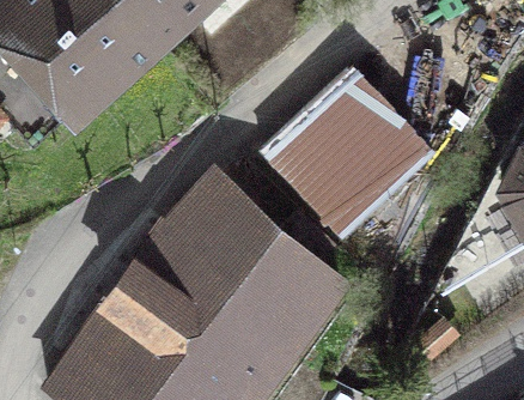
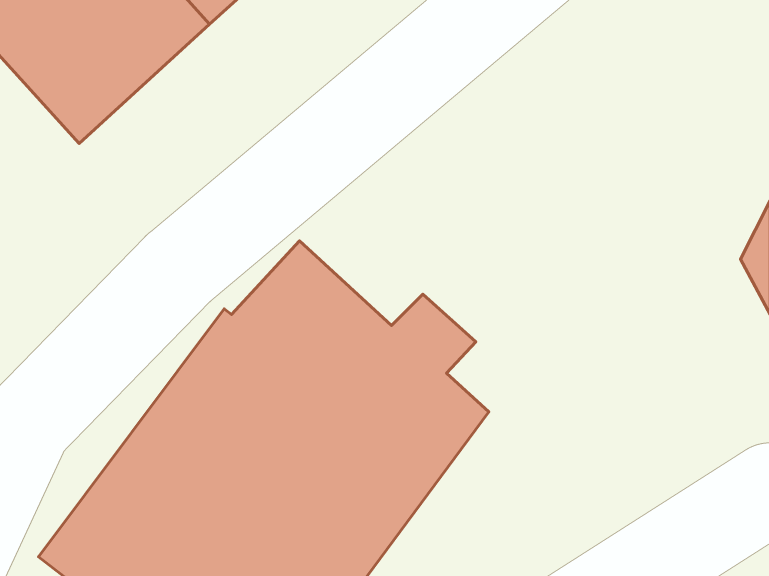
building: [260,69,429,238] -> none

